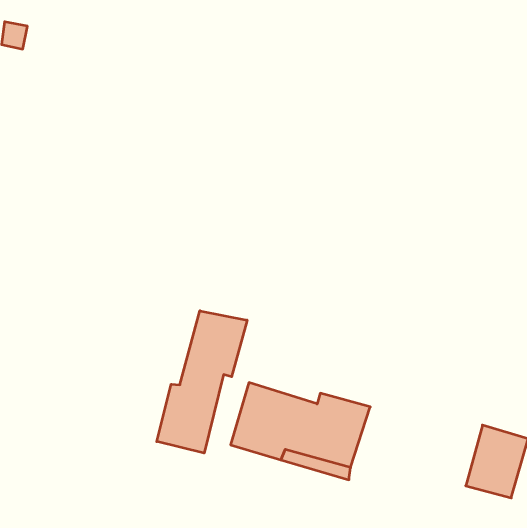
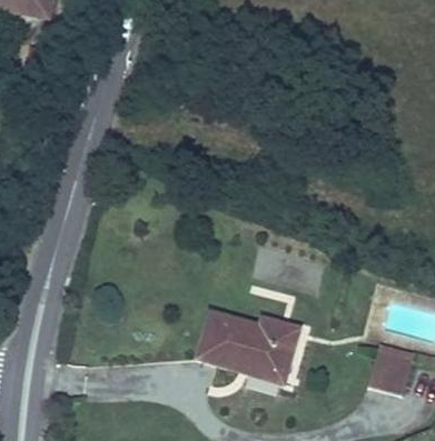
building: [157,311,247,453] -> none

